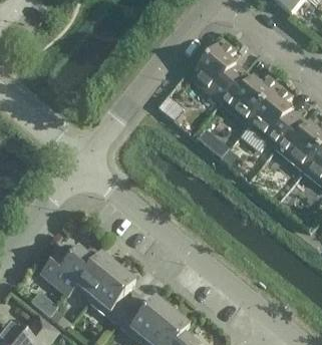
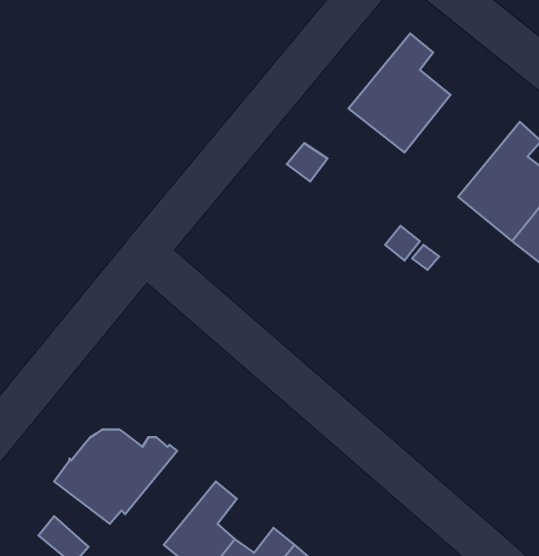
building: [219,70,279,123] -> none
building: [73,256,120,305] -> none

